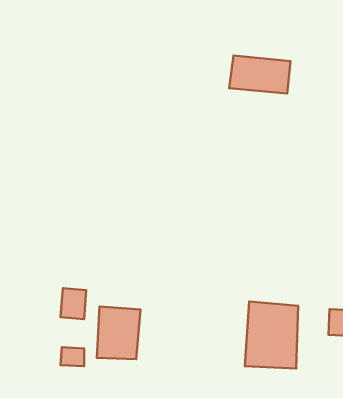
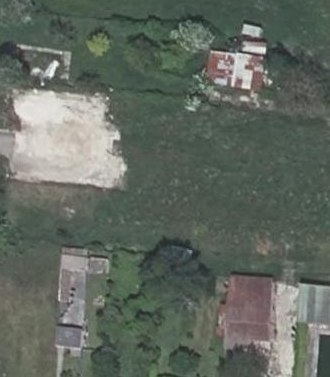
building: [97,306,140,359] -> none

